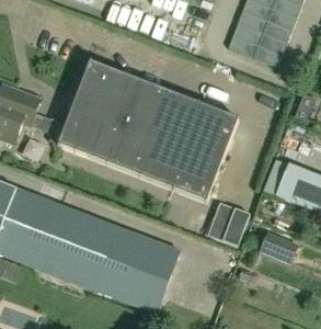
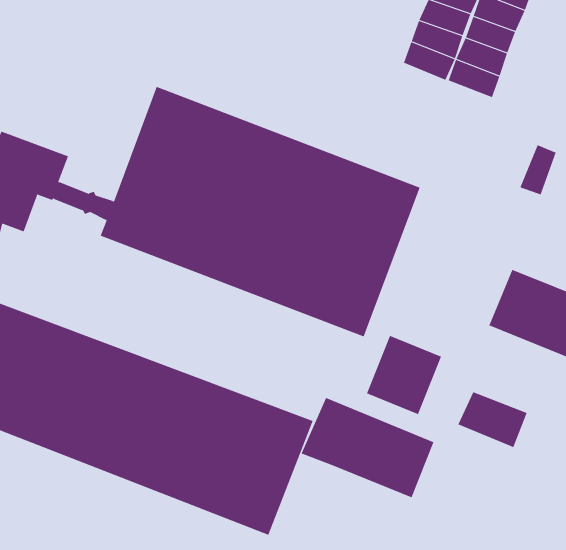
building: none -> [301,397,434,498]

